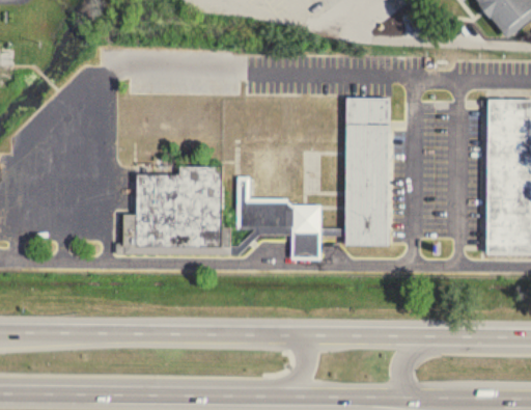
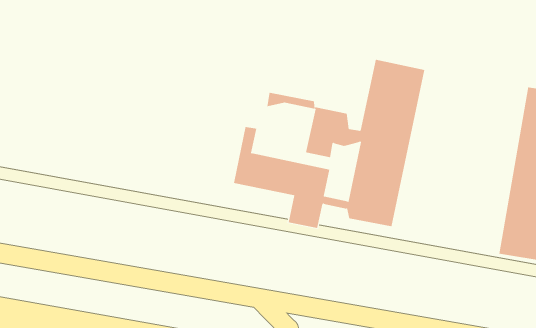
building: [121,166,230,256] -> none

